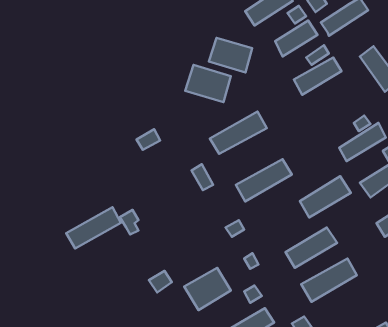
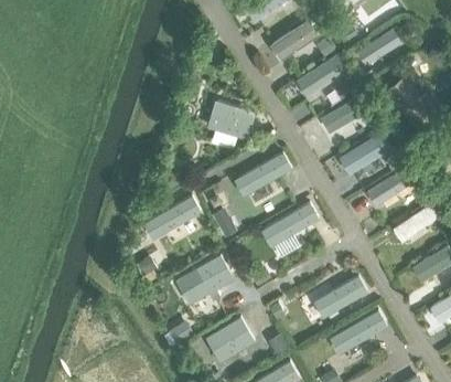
building: [209,38,252,72] -> none
building: [300,176,351,218] -> [336,132,390,177]
building: [66,207,121,249] -> [142,195,201,240]
building: none -> [183,255,234,301]

